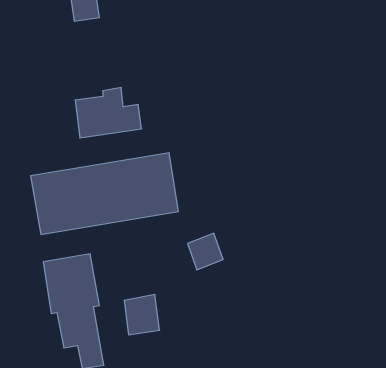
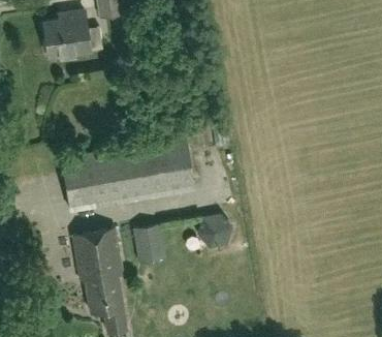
building: [75,87,142,138] -> [43,12,103,58]
building: [124,295,160,335] -> [133,226,165,263]

